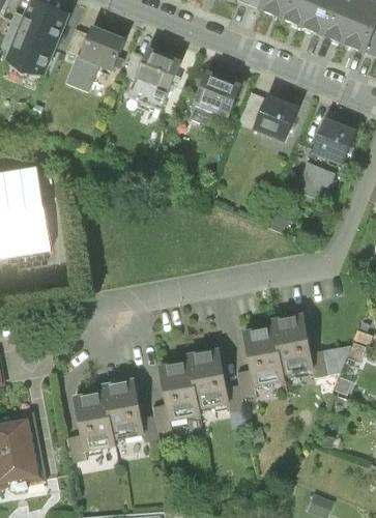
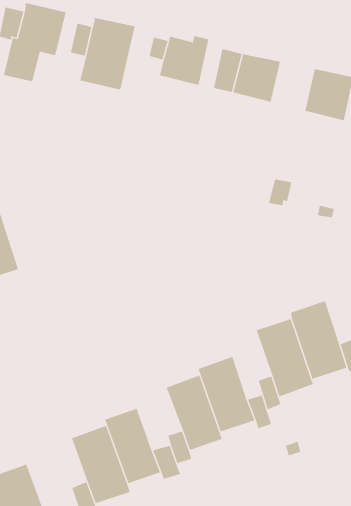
building: [297,162,335,200] -> none

